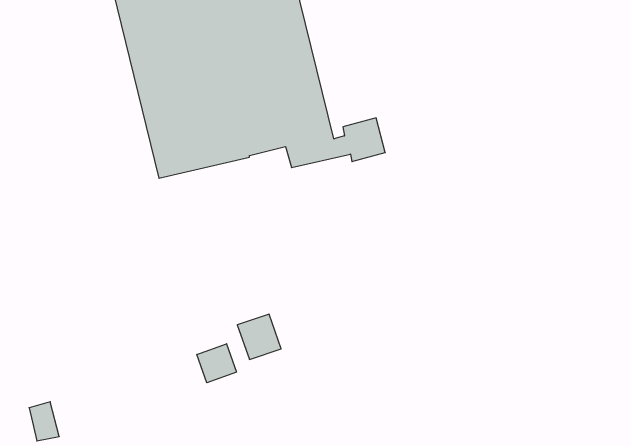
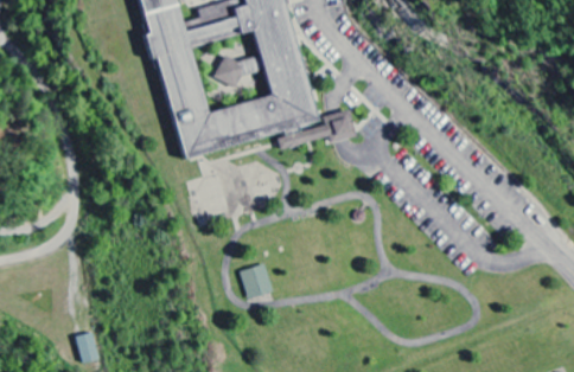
building: [197,344,236,383] -> none

